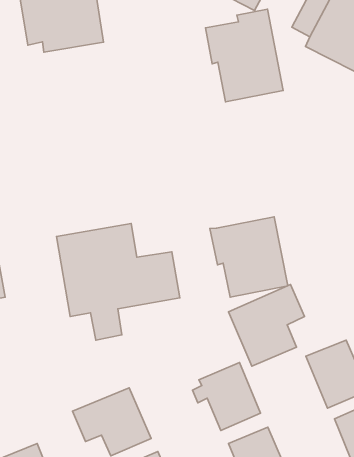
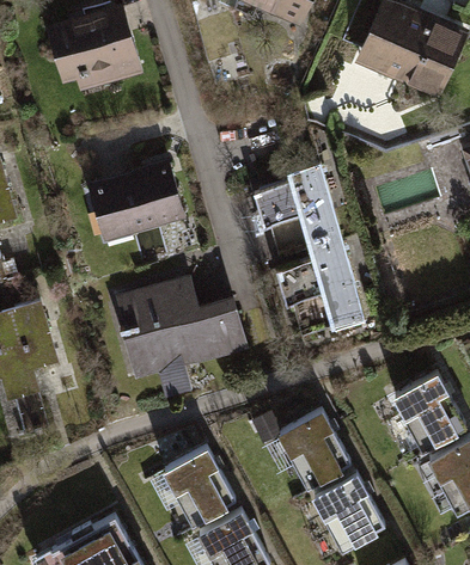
building: [206,9,283,102] -> [254,162,343,266]
building: none -> [86,162,187,244]
building: [229,285,304,366] -> none

